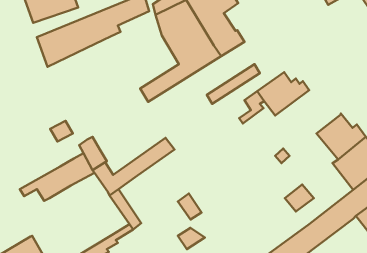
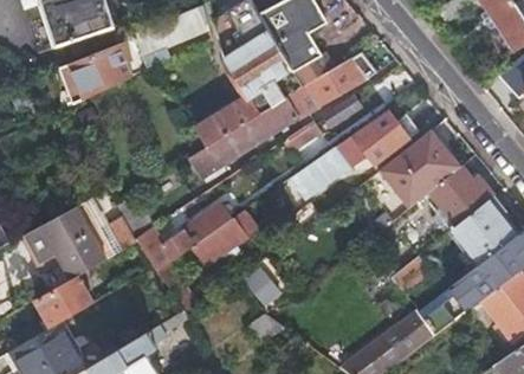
building: none -> [189,57,367,179]
building: none -> [380,131,460,206]
building: none -> [289,146,342,196]
building: none -> [22,206,91,263]
building: none -> [193,211,255,265]
building: none -> [35,275,92,325]

